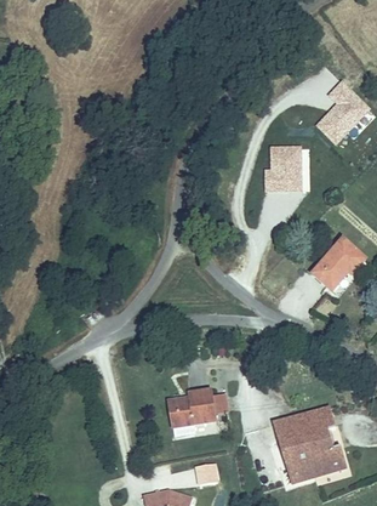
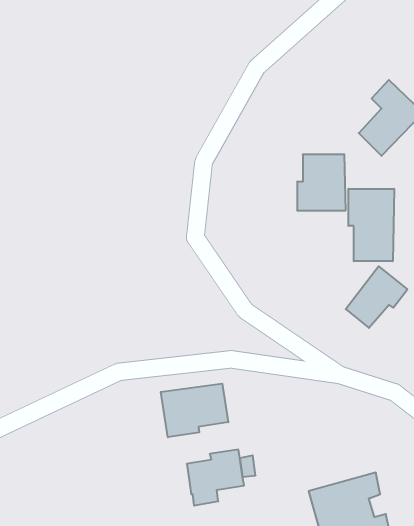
building: none -> [348,189,394,261]
building: none -> [161,384,228,437]

